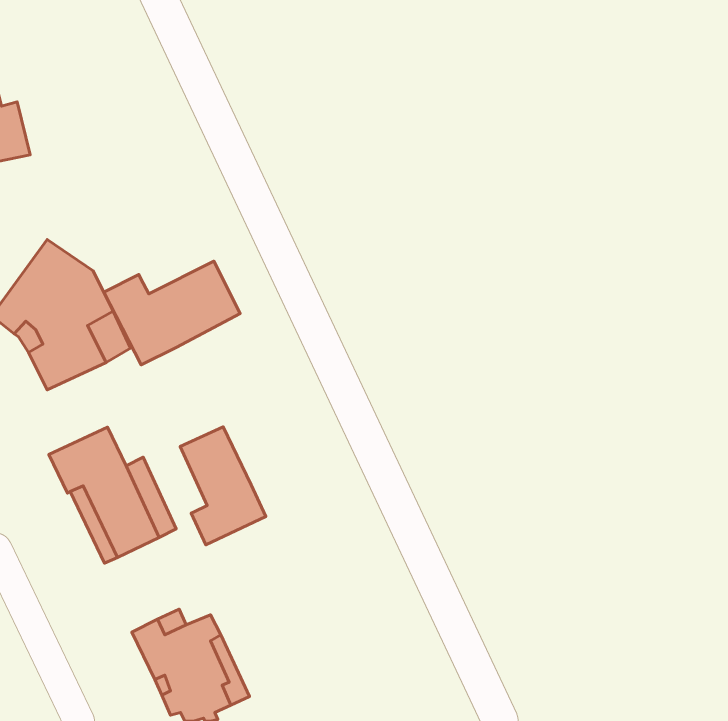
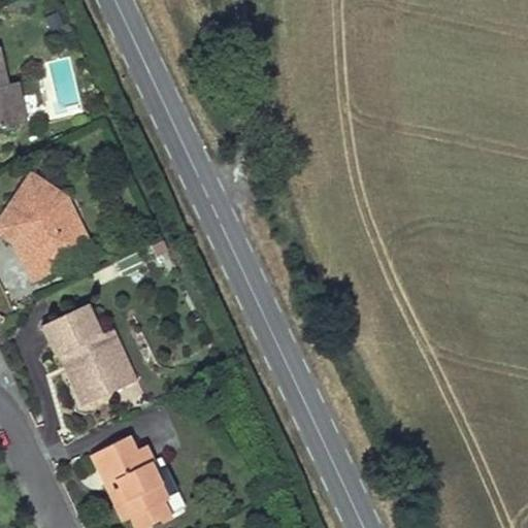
building: [104,261,240,365] -> none
building: [180,427,266,545] -> none

